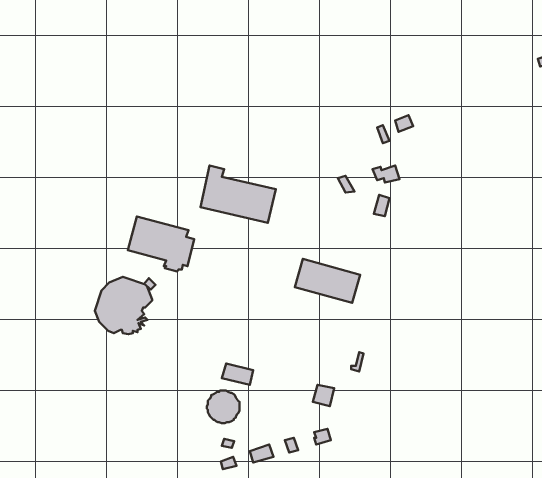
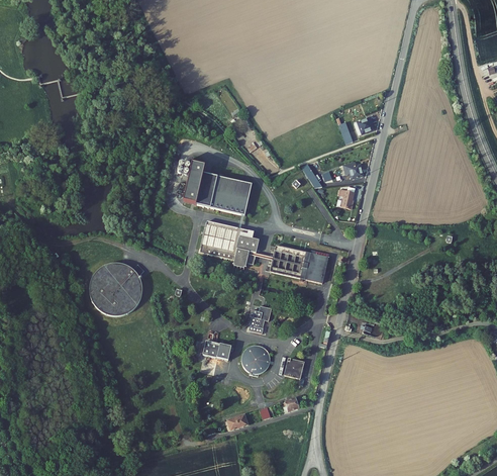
building: [128,217,194,272] -> [198,218,258,268]
building: none -> [250,304,273,331]
building: [207,391,239,423] -> [241,344,271,373]

